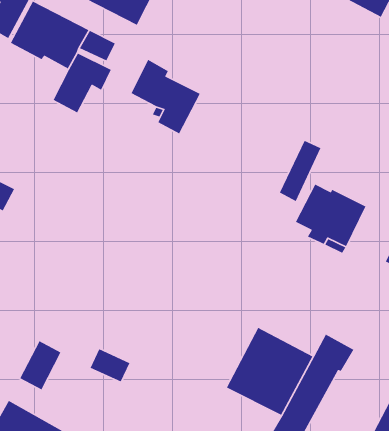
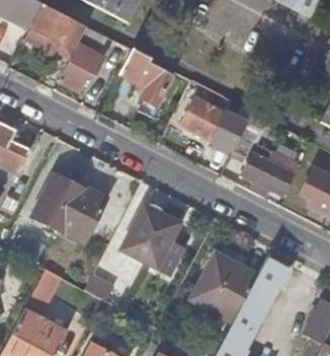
building: none -> [180,96,225,140]
building: none -> [30,175,106,246]
building: none -> [120,204,181,274]

